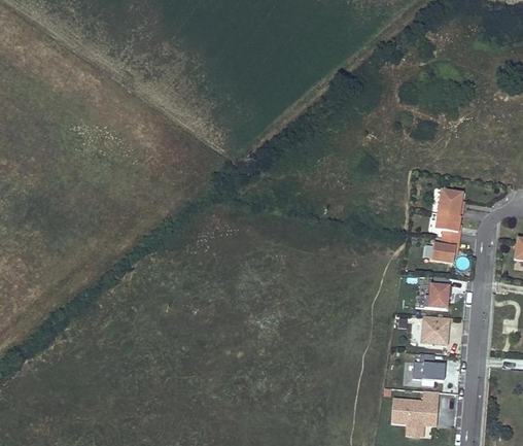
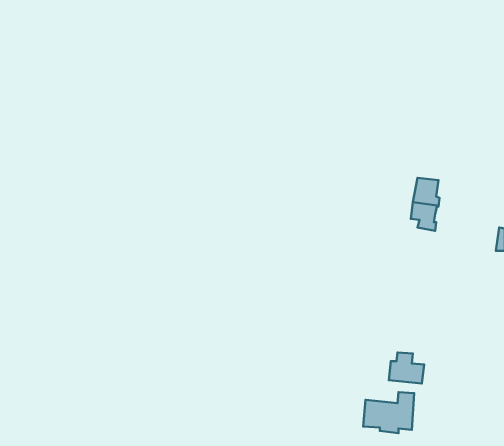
building: [429,237,457,263] -> none
building: [428,276,455,308] -> none
building: [421,315,449,345] -> none

